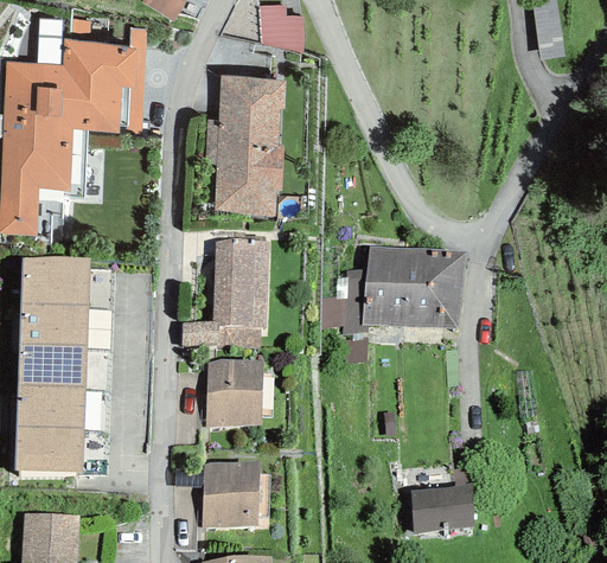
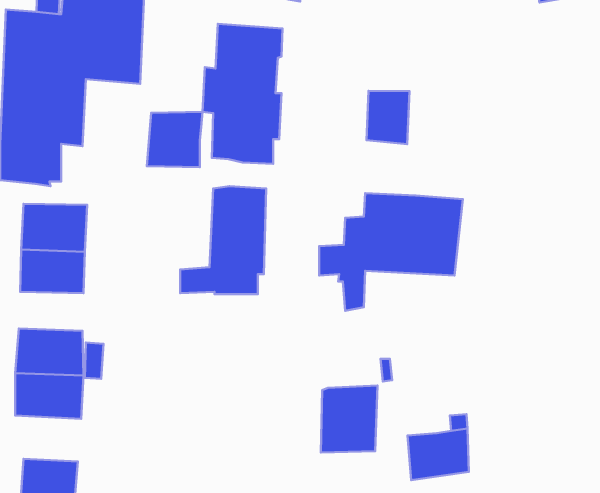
building: none -> [366,91,410,144]
building: none -> [147,112,203,167]
building: [19,345,84,384] -> none
building: [205,359,261,427] -> none
building: [202,460,258,527] -> [321,385,377,452]

